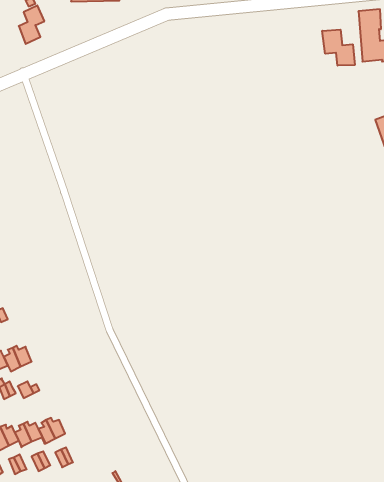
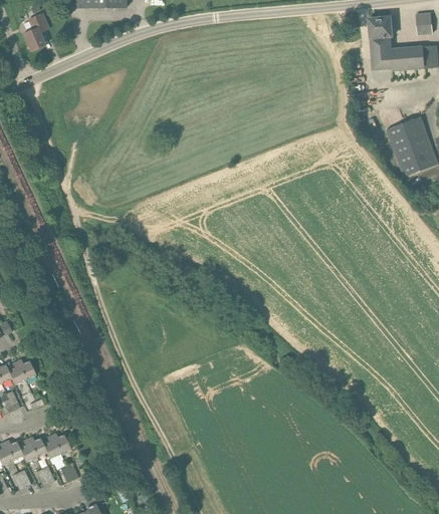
building: [322,30,355,66] -> none

